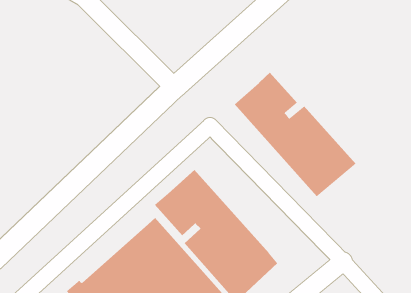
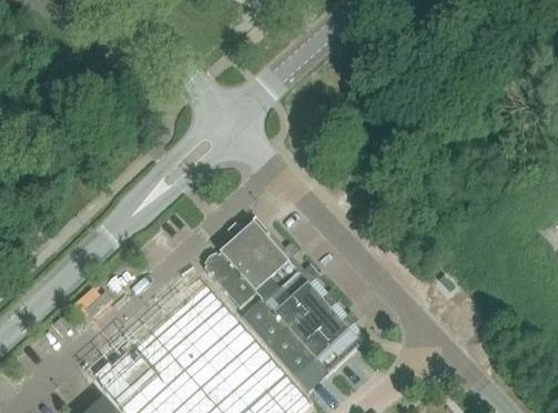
building: [234,72,357,197] -> none

